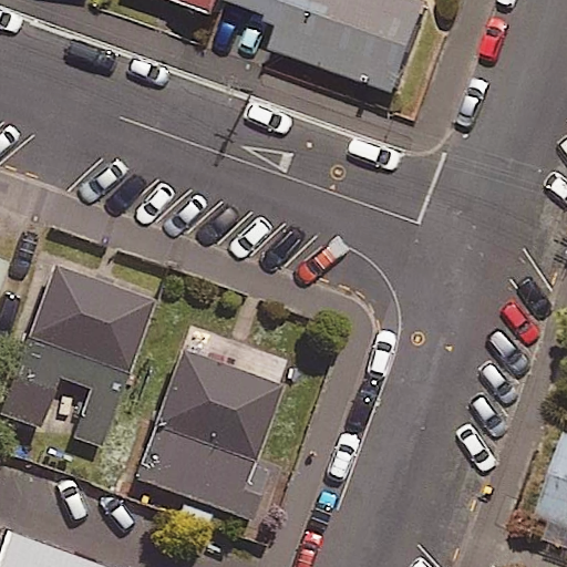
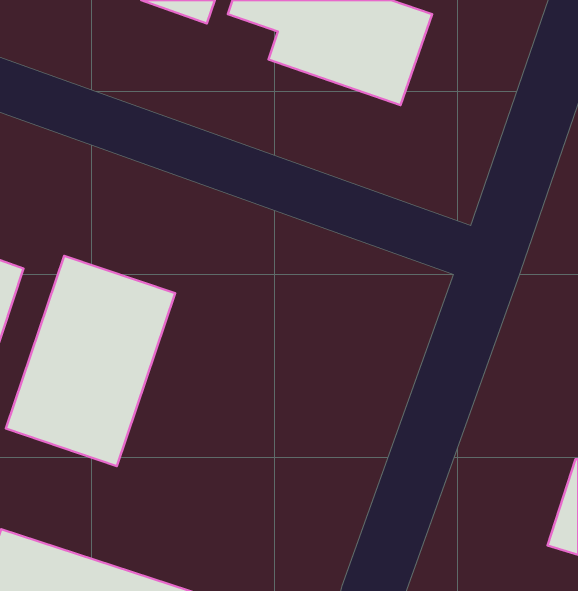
building: [158,351,290,512] -> none

